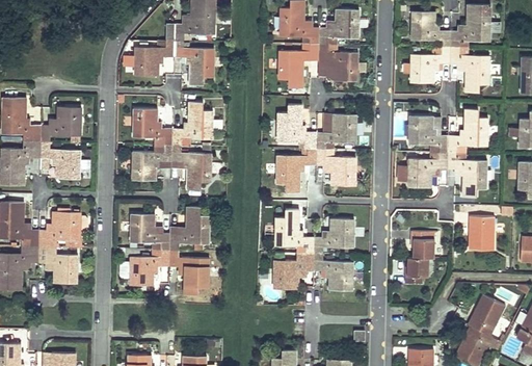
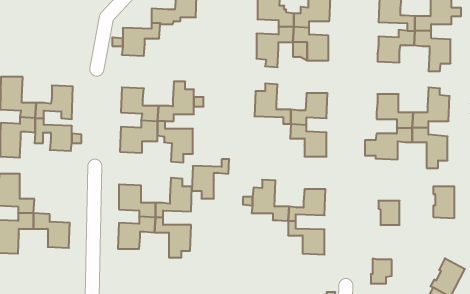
building: [174,41,213,84] -> none
building: [275,149,316,191] -> [192,159,229,199]
building: [37,208,80,246] -> none
building: [273,253,313,288] -> none
building: [405,257,428,284] -> [371,259,392,284]

